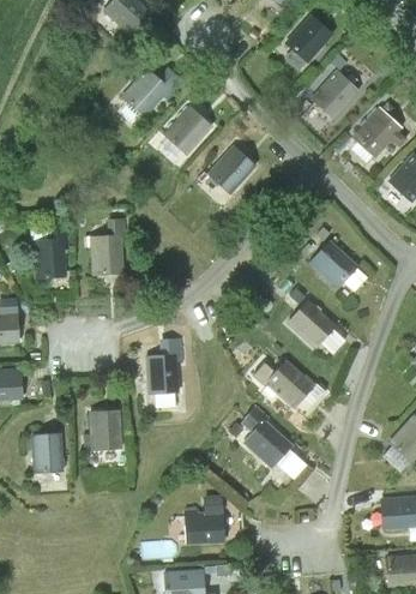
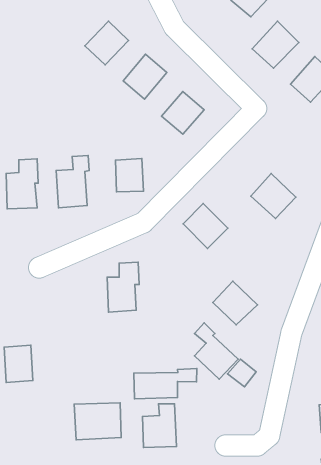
building: none -> [115,159,144,192]
building: [288,299,338,349] -> [183,204,228,248]
building: [88,409,122,450] -> none
building: none -> [134,369,197,399]
building: none -> [74,403,121,440]

